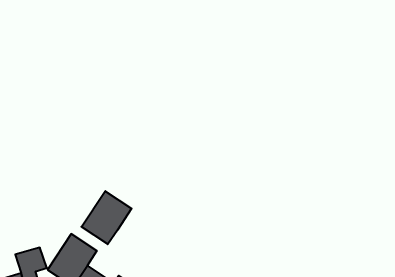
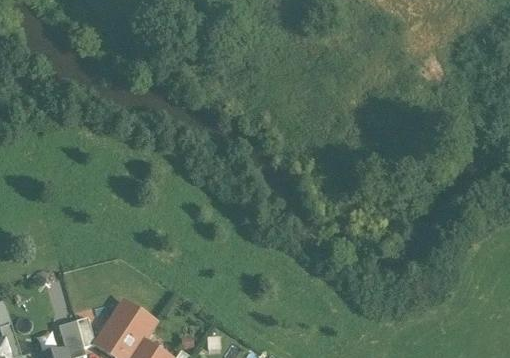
building: [81,191,132,244] -> none

